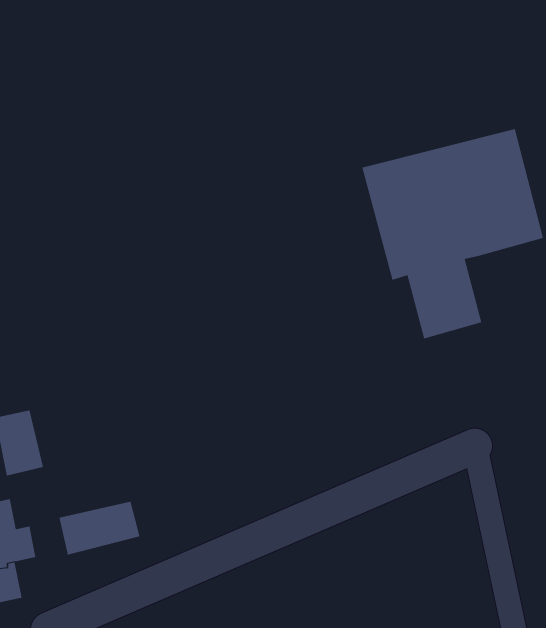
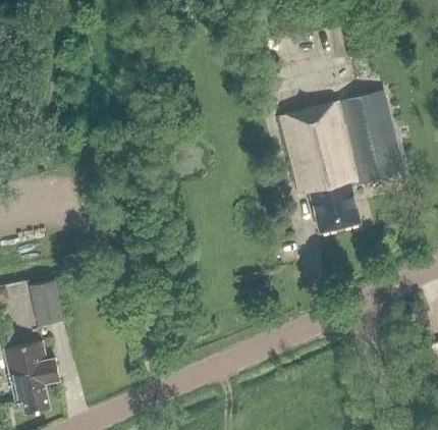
building: [59,501,140,555] -> none

